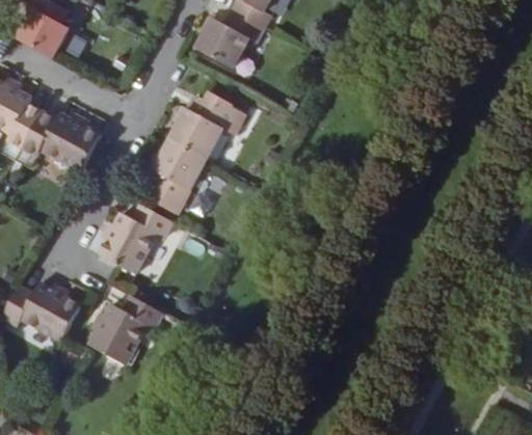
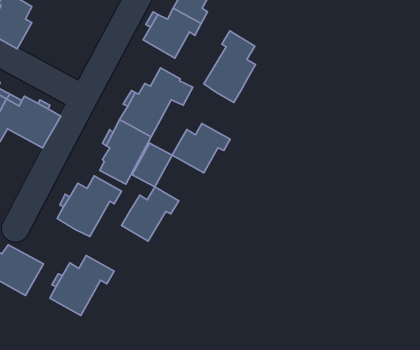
building: none -> [204,31,256,102]
building: none -> [172,124,230,173]
building: none -> [122,187,179,241]

